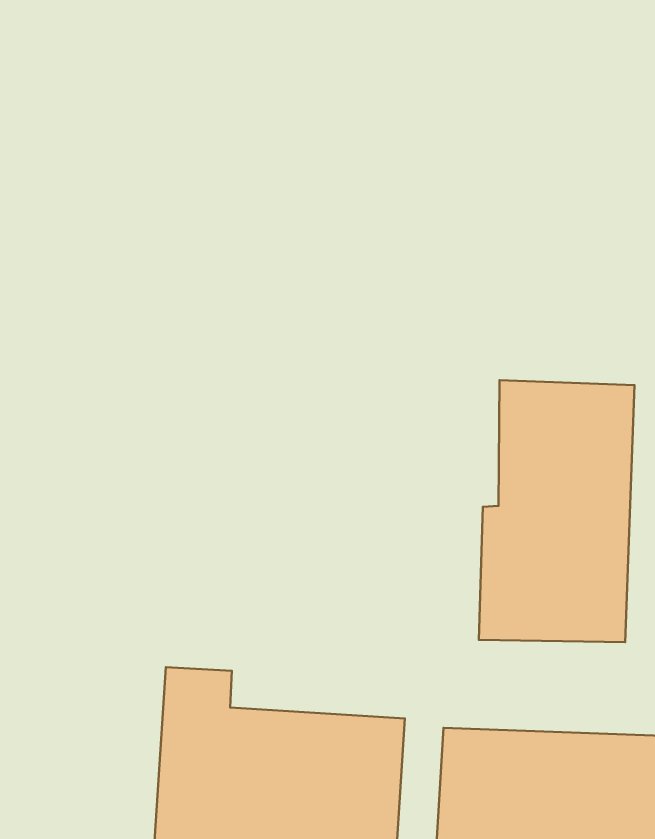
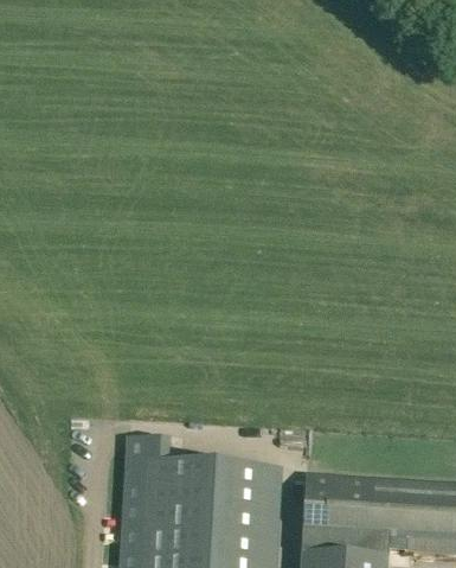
building: [479,380,634,642] -> none

